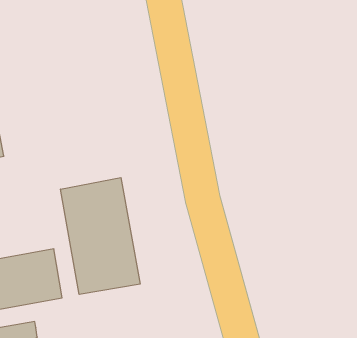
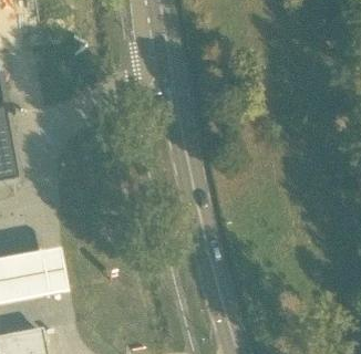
building: [61,178,140,294] -> none

